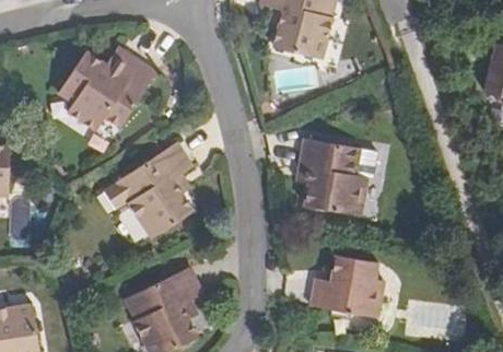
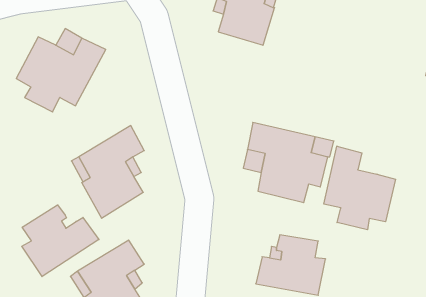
building: none -> [324,146,395,230]
building: none -> [22,205,99,277]

